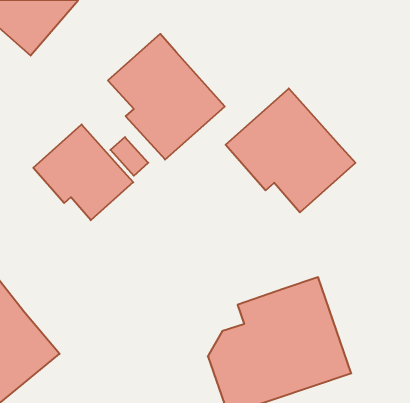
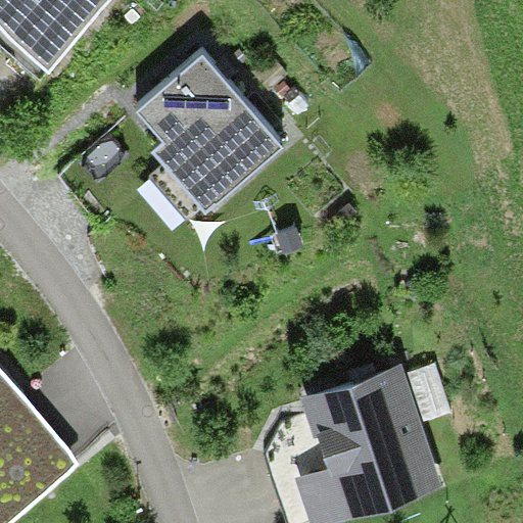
building: [226,88,355,212] -> none
building: [33,124,133,220] -> none

